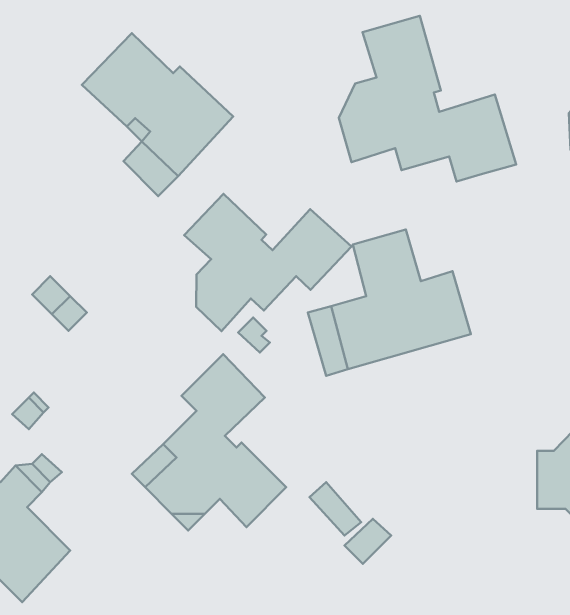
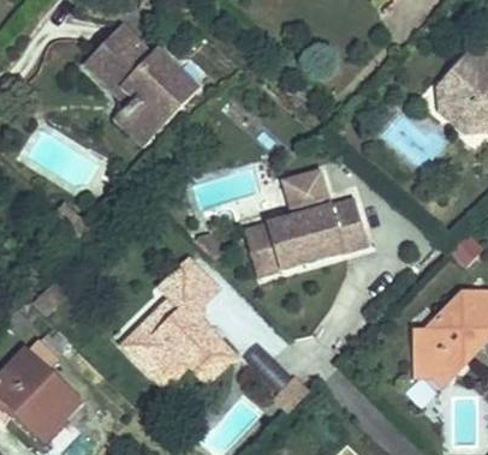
building: [339,16,516,181] -> none
building: [184,194,351,331] -> none

